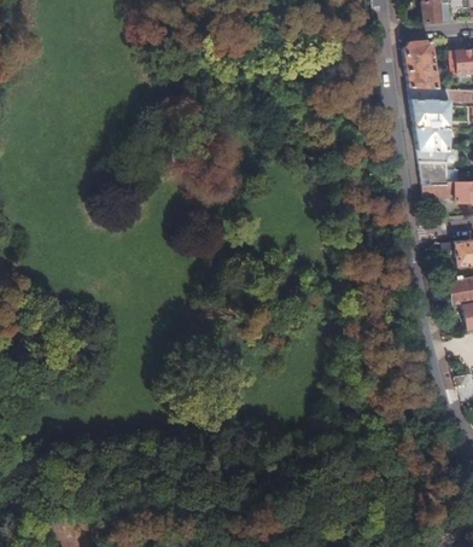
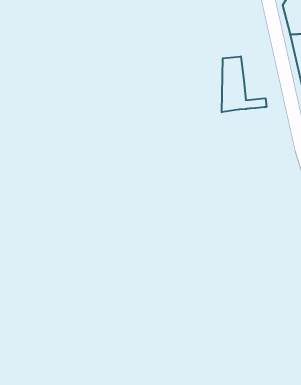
building: none -> [222,56,266,112]

